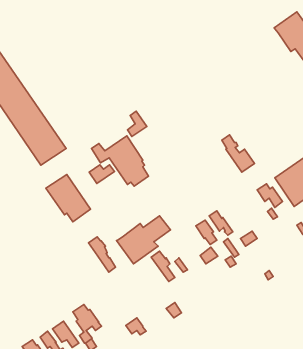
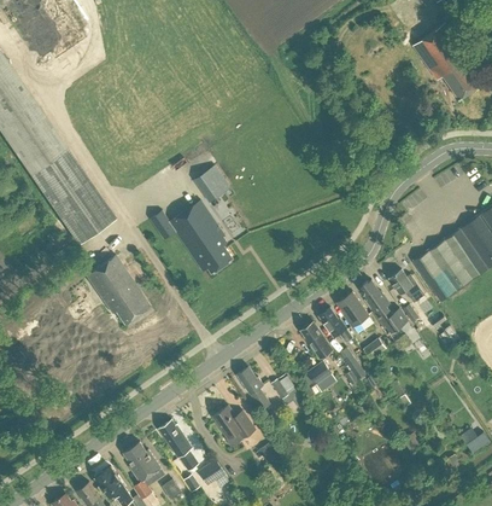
building: [222,135,255,172] -> [361,280,408,333]
building: [89,165,114,184] -> none
building: none -> [338,291,369,327]
building: [116,216,171,264] -> none
building: [89,237,116,272] -> [159,419,198,470]
building: none -> [212,405,256,438]

